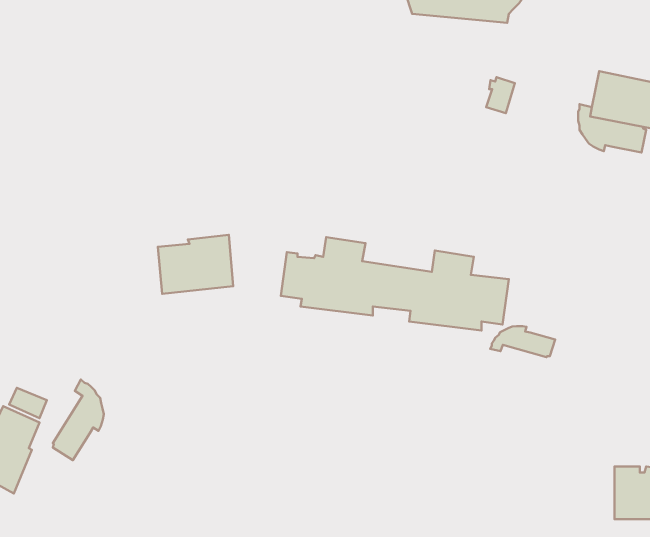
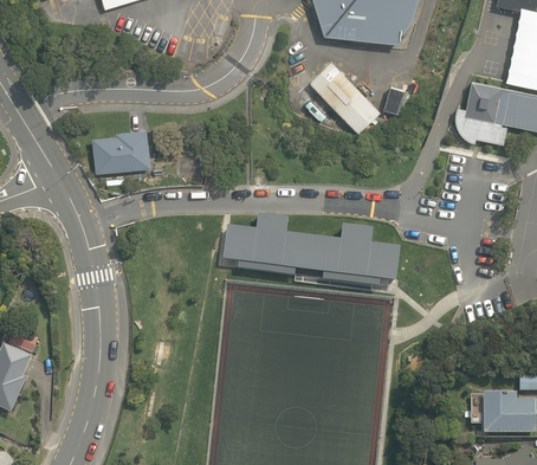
building: none -> [309,62,380,134]
building: [158,235,233,294] -> [91,128,150,174]
building: [490,326,555,357] -> none
building: [53,379,104,460] -> none

